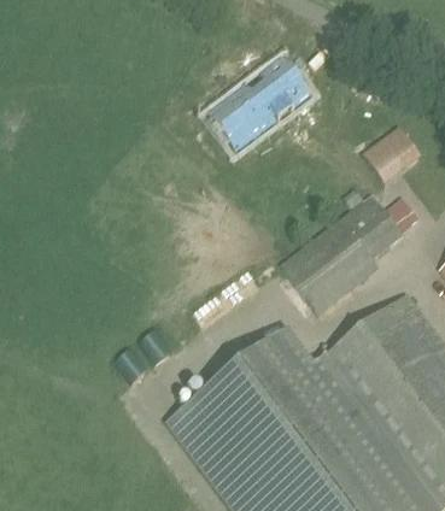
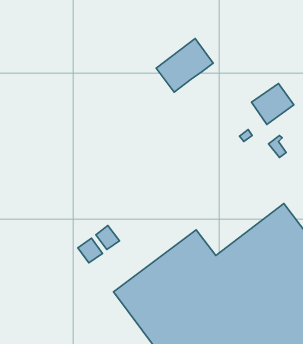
building: [279,196,399,313] -> none

